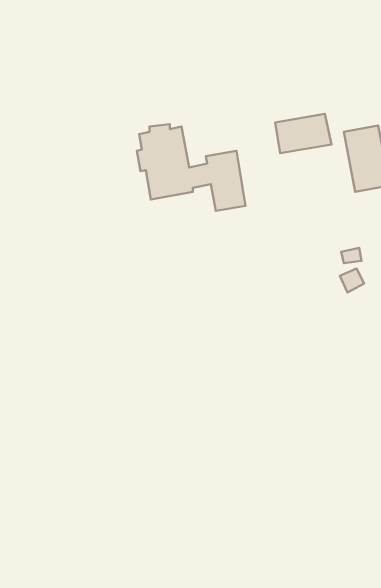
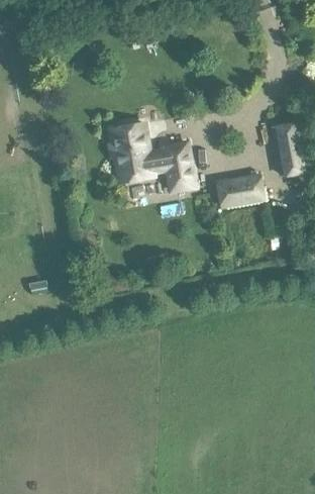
building: [275,114,331,153] -> [219,175,264,206]

